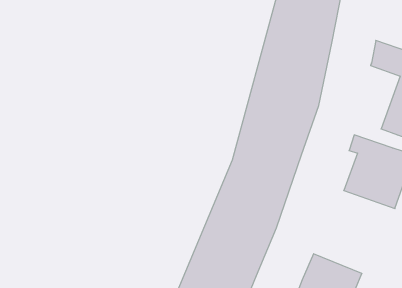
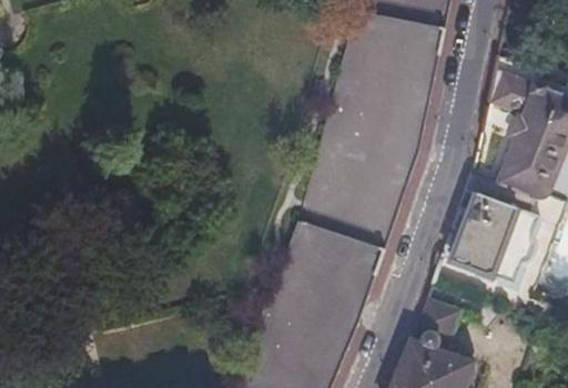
building: none -> [415,296,458,338]

